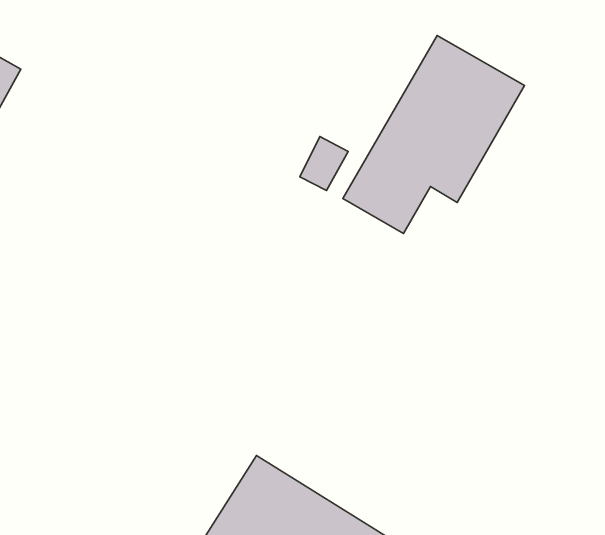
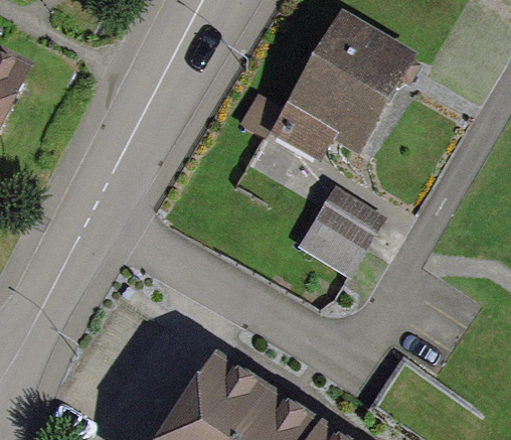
building: none -> [298,201,377,286]

